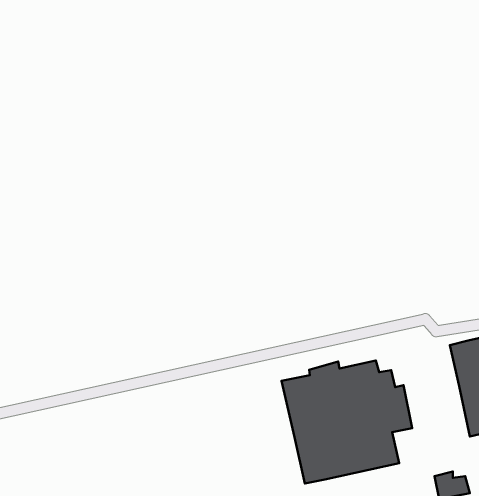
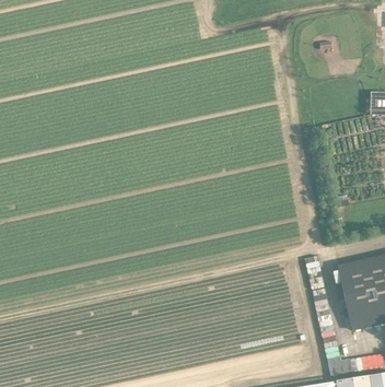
building: [281,361,412,483] -> none

